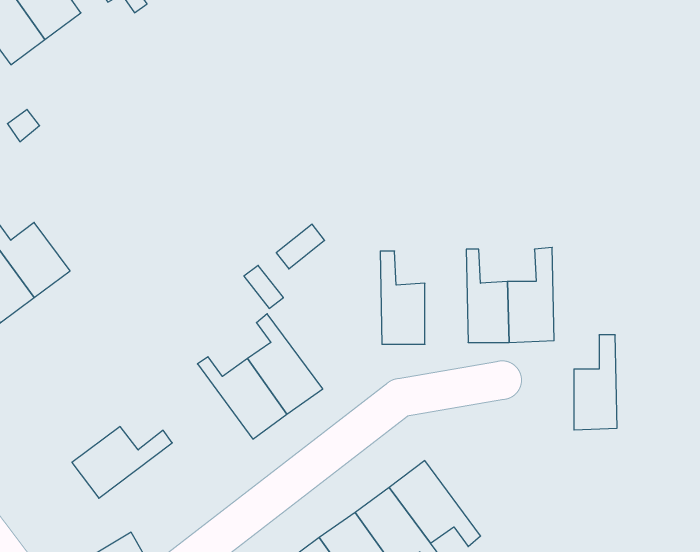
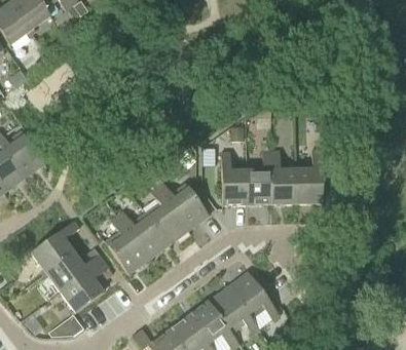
building: none -> [156,183,209,230]
building: [574,335,617,430] -> [247,150,271,204]
building: none -> [104,216,148,274]
building: none -> [30,221,78,272]
building: none -> [60,261,107,312]

